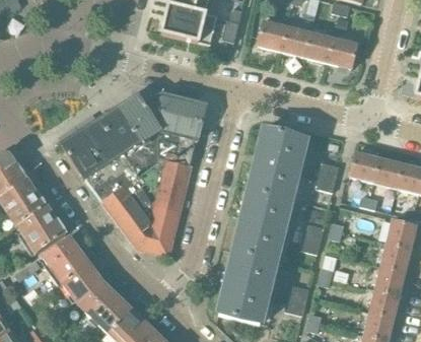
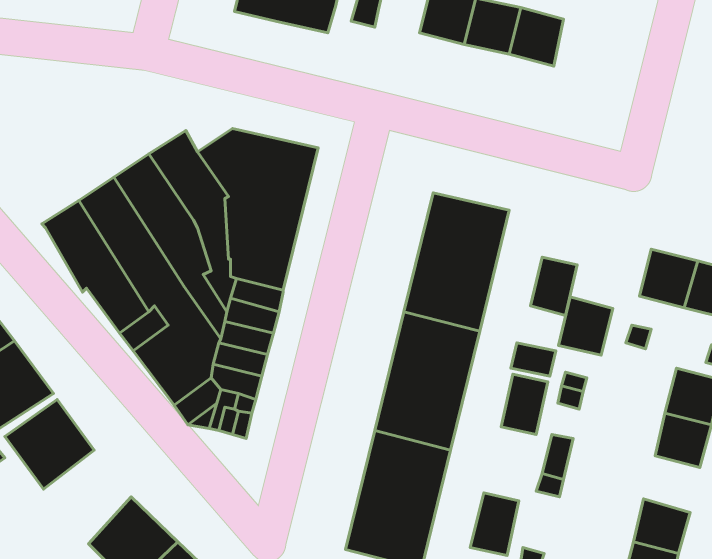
building: [328,38,356,67] -> none
building: [350,151,378,182] -> [558,297,613,355]
building: [62,262,108,311] -> none
building: [374,265,404,294] -> none

